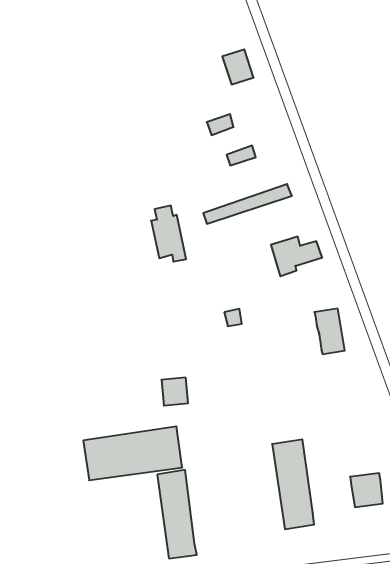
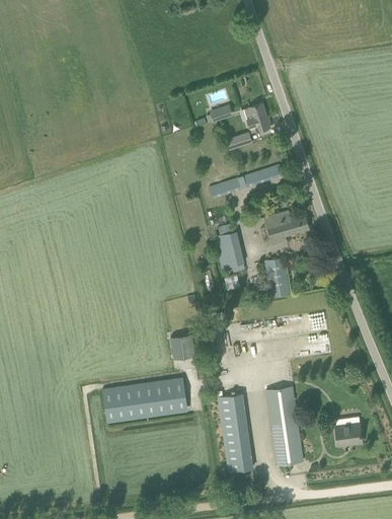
building: [222,49,254,84] -> [243,103,270,134]
building: [151,206,186,262] -> [215,223,245,272]
building: [314,309,345,354] -> [264,257,291,297]
building: [157,470,197,558] -> [219,394,253,471]

